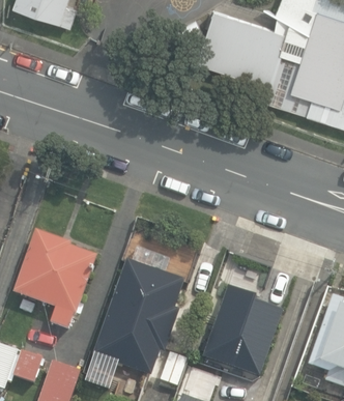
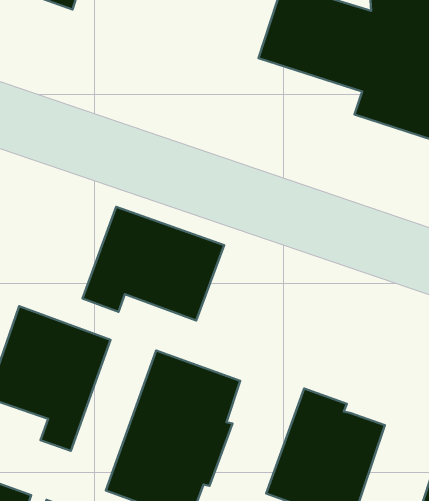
building: none -> [83,207,224,320]

